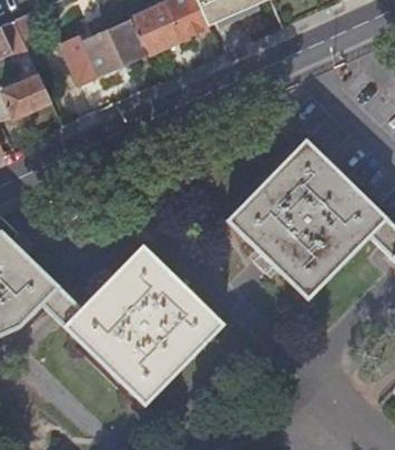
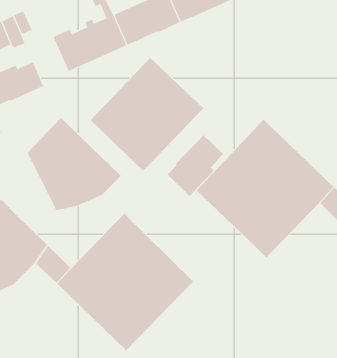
building: none -> [90,57,204,171]
building: none -> [27,117,121,211]
building: none -> [167,135,224,197]

